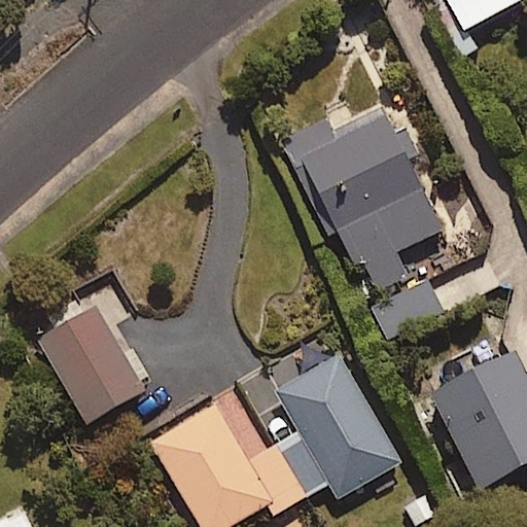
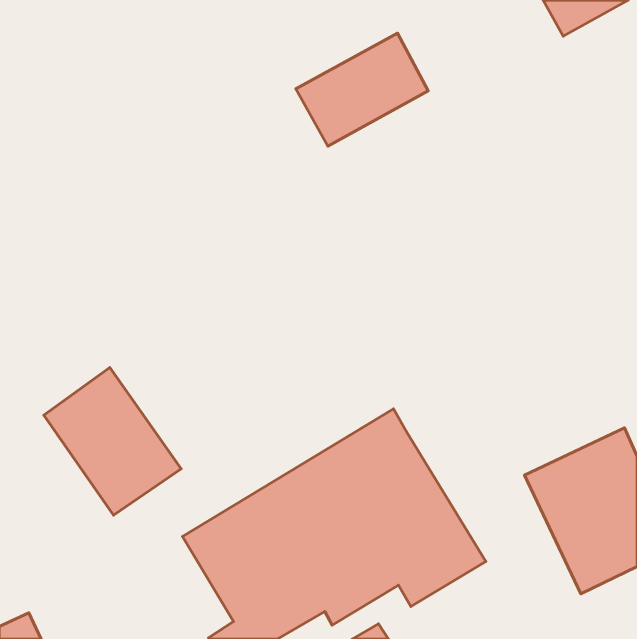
building: none -> [296,33,428,146]
building: [288,112,461,343] -> none

